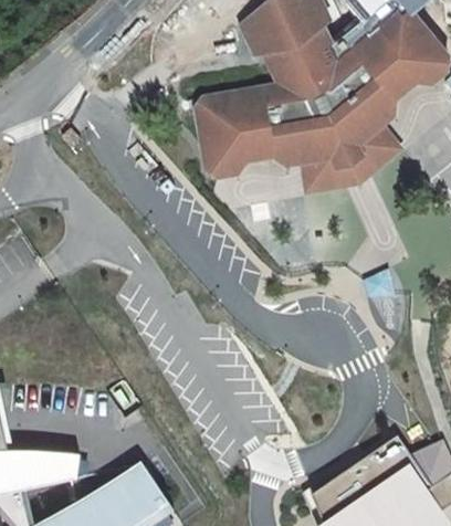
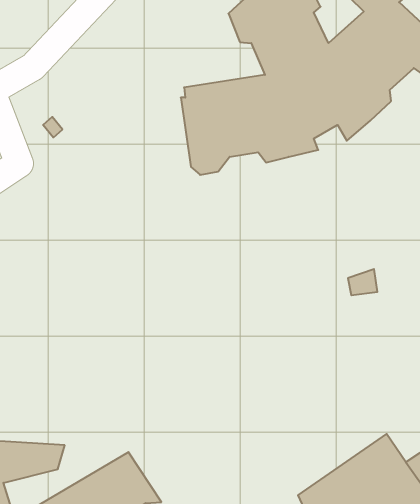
building: [301,132,400,194] -> none

